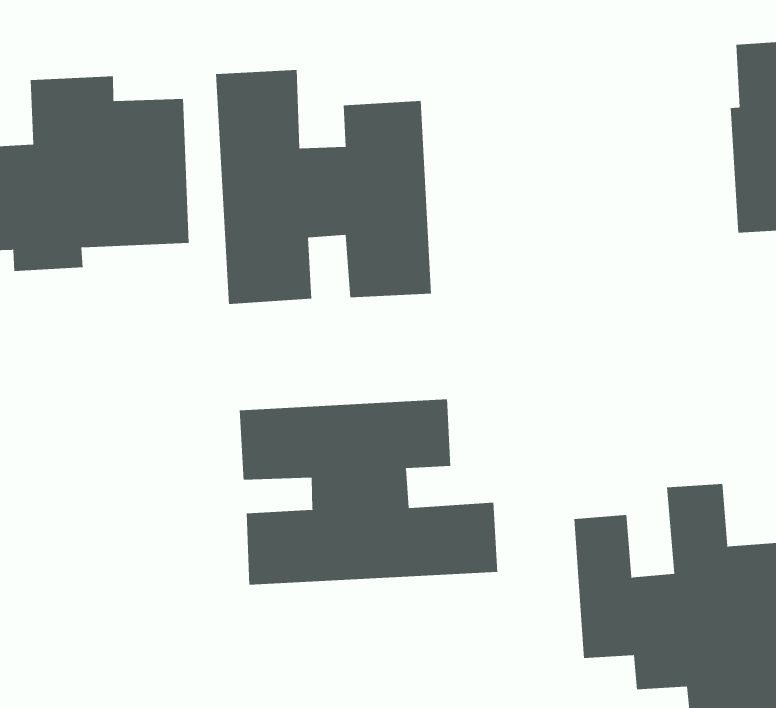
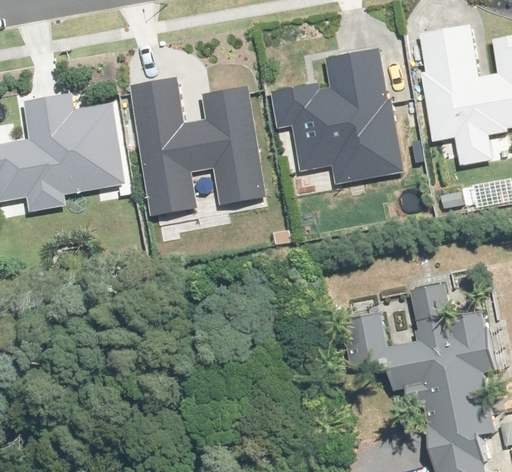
building: none -> [271,47,404,189]
building: [239,399,498,585] -> none

